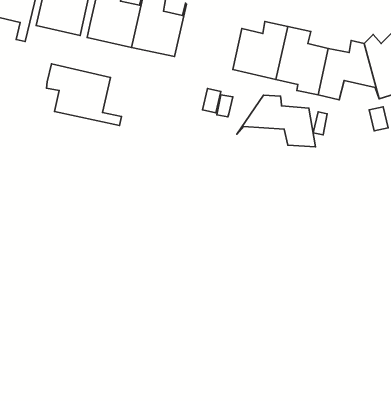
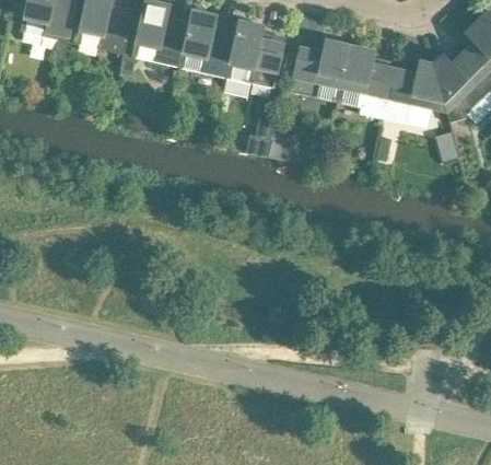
building: none -> [226,19,284,86]
building: [47,64,122,125] -> none
building: [237,95,315,147] -> none

